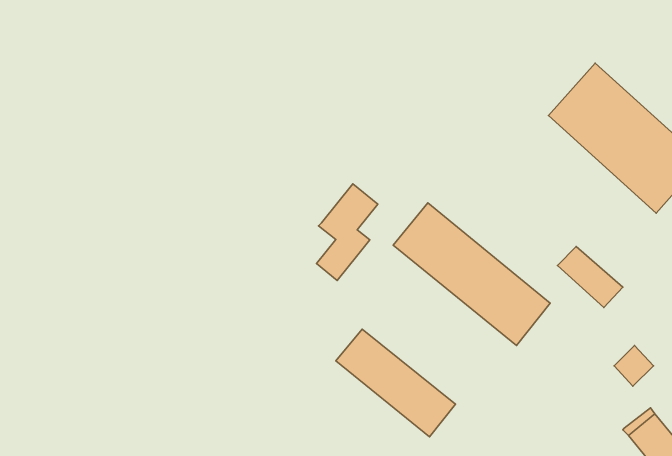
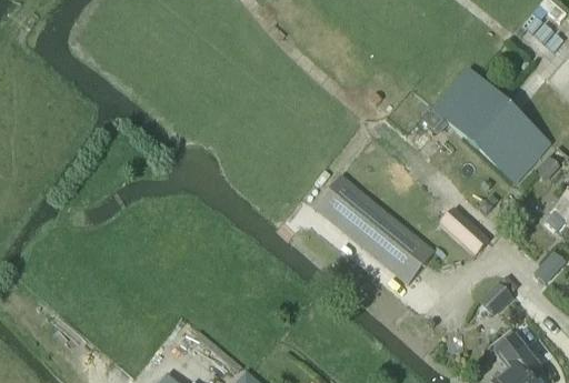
building: [317,184,378,280] -> none
building: [336,329,456,437] -> none

